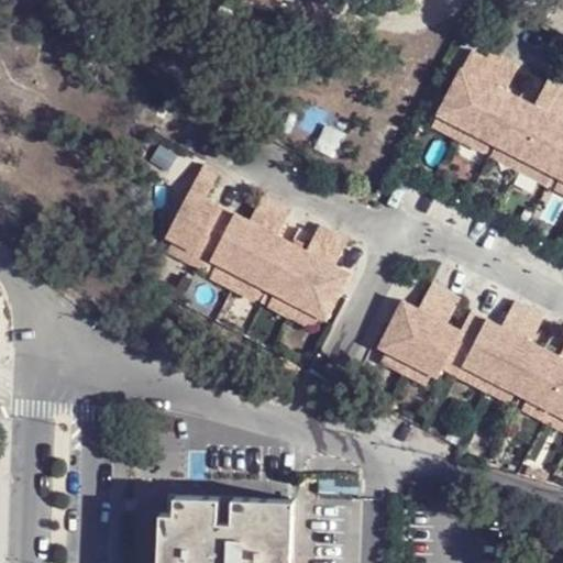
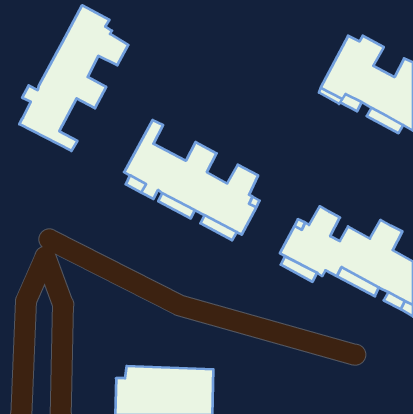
building: none -> [19,5,128,151]

